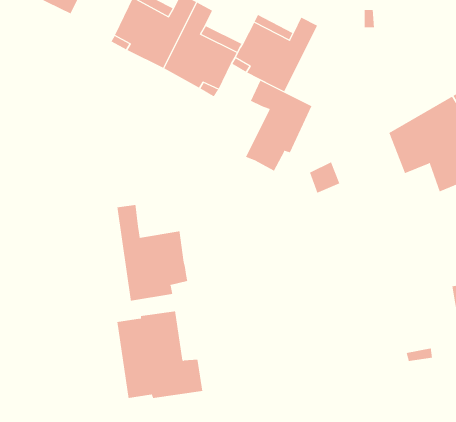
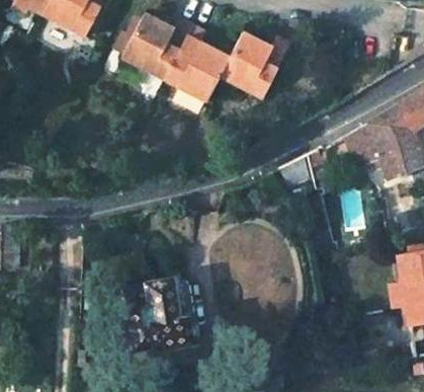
building: [245,80,312,172] -> none
building: [117,204,188,301] -> none

